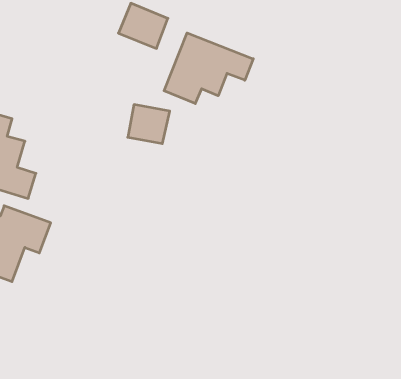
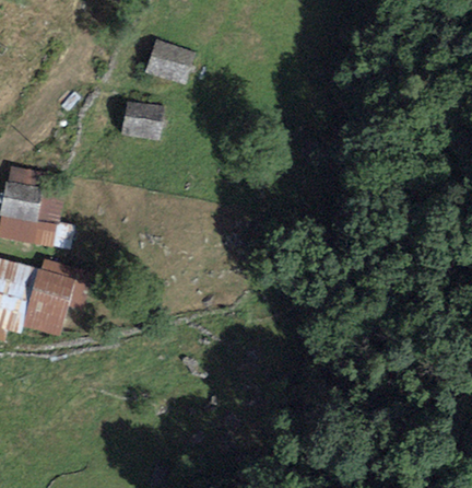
building: [164,33,253,104] -> none
building: [128,105,170,144] -> [122,101,163,138]

